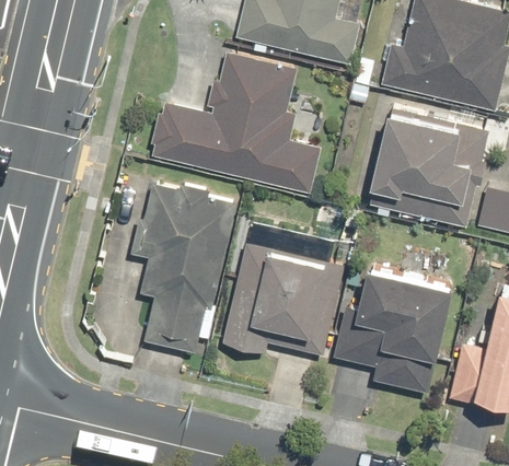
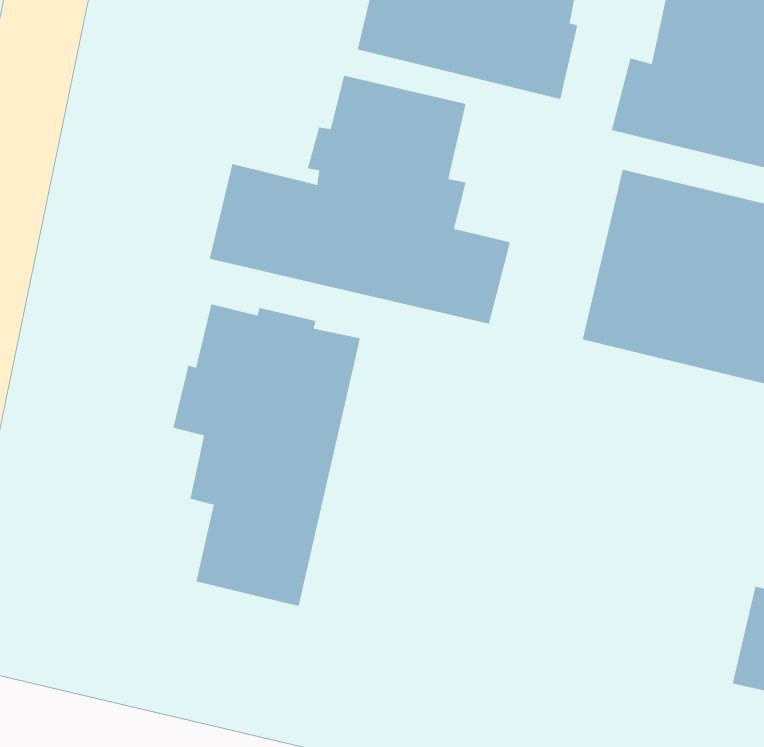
building: [221,222,346,357] -> none
building: [332,265,451,394] -> none

